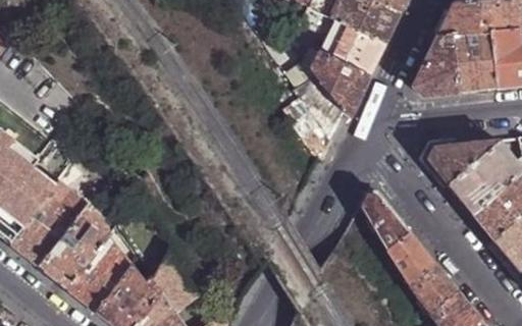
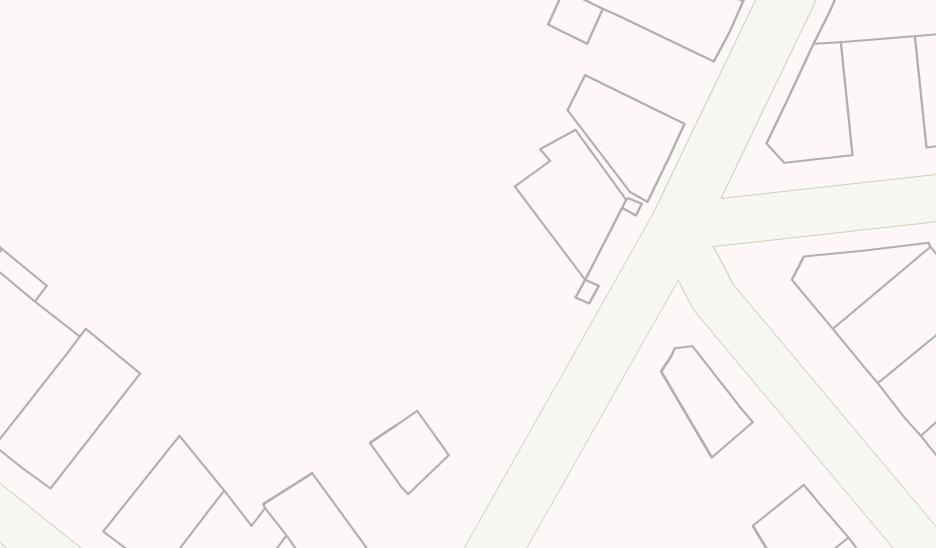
building: [319,18,386,75] -> none
building: [453,30,498,92] -> none
building: [40,206,109,288] -> none
building: none -> [370,411,449,494]
building: [385,231,433,285] -> none

